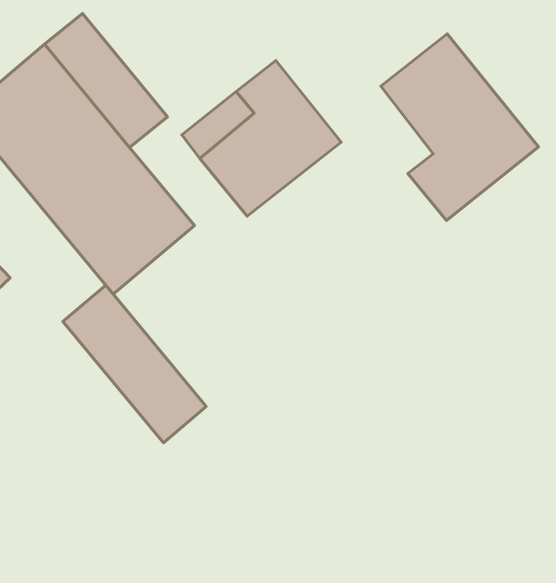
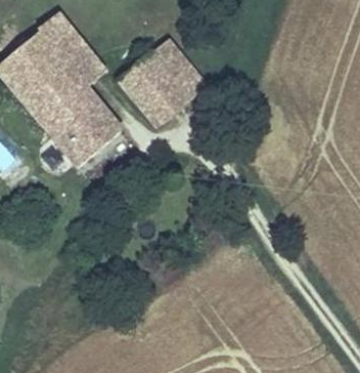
building: [381,34,539,220] -> none
building: [63,285,206,443] -> none

